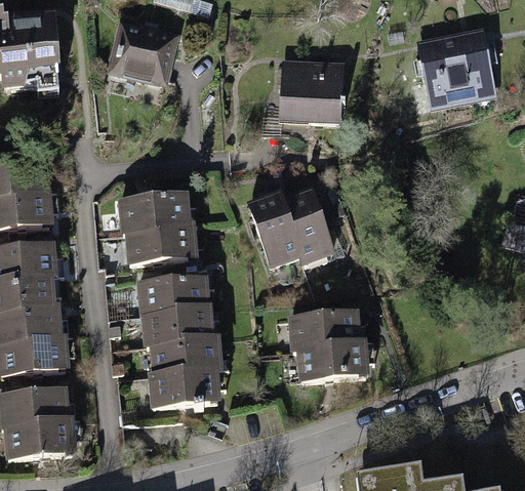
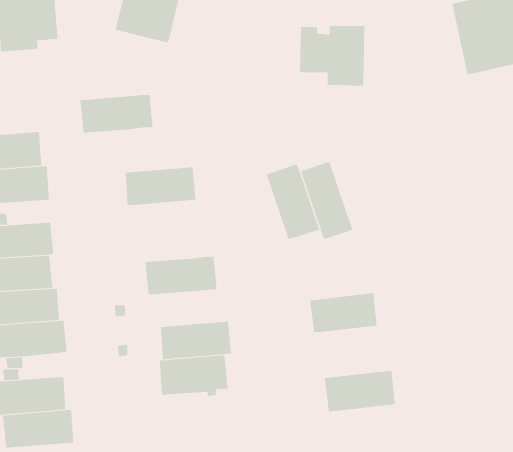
building: [125,226,194,261] -> [80,95,154,133]
building: [144,308,211,343] -> none
building: [298,341,365,380] -> [324,370,396,412]

